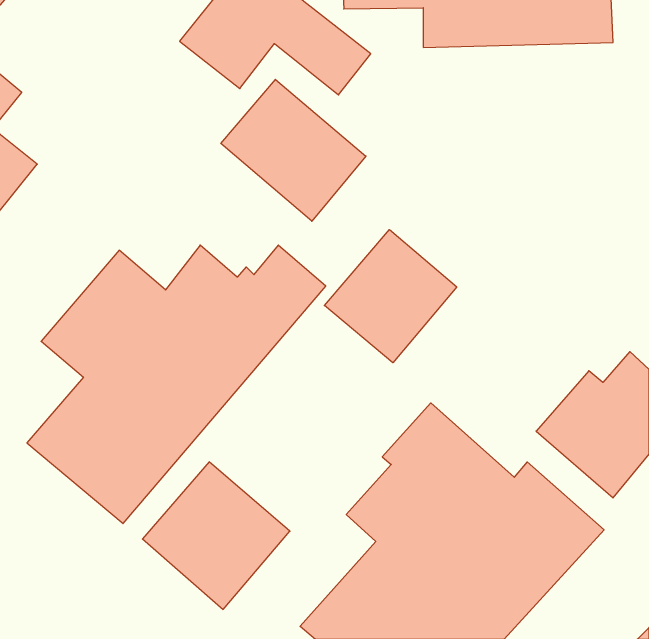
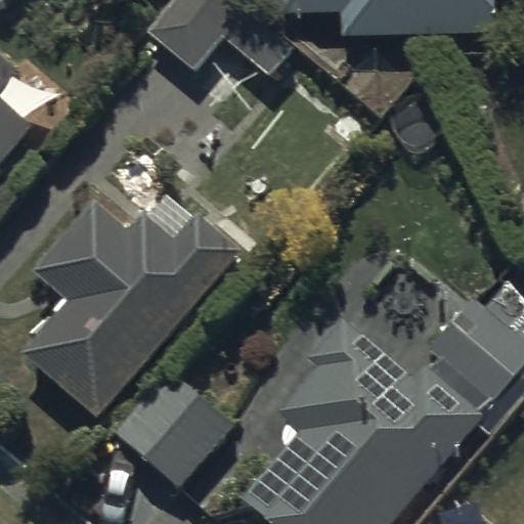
building: [221,79,366,221] -> none
building: [324,230,457,363] -> none

